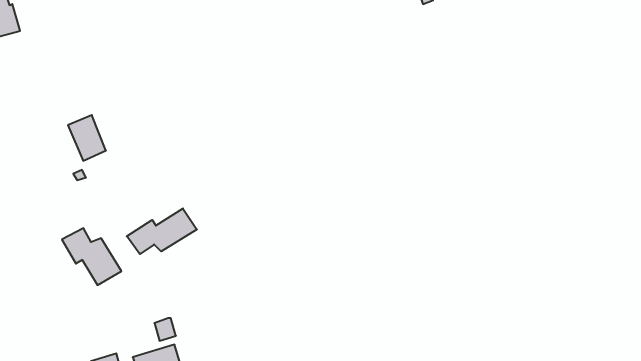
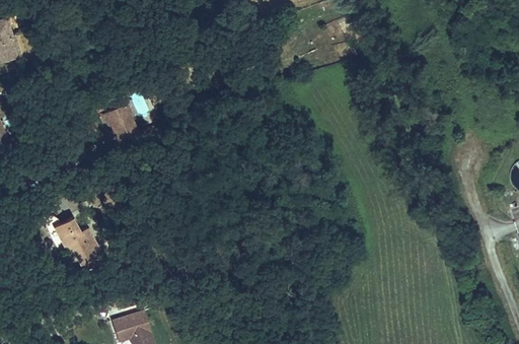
building: [68,115,106,161] -> [105,104,136,140]
building: [127,208,197,254] -> none

